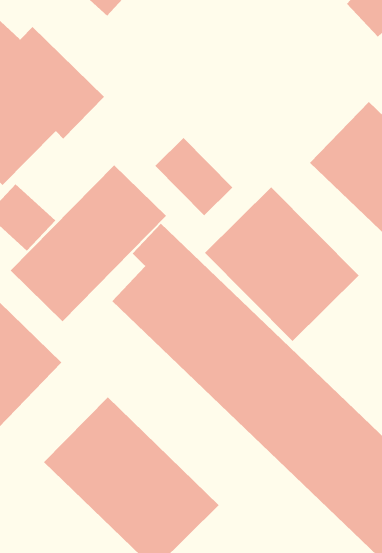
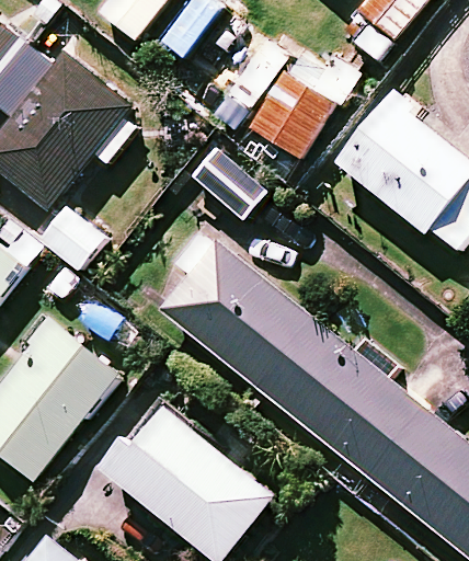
building: none -> [249,72,335,160]
building: [10,164,167,322] -> none
building: [204,186,359,342] -> none

